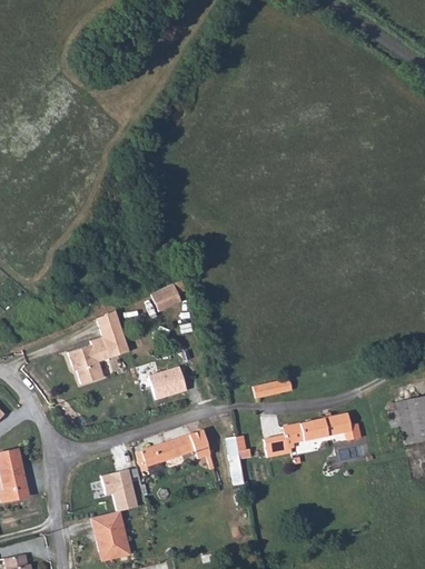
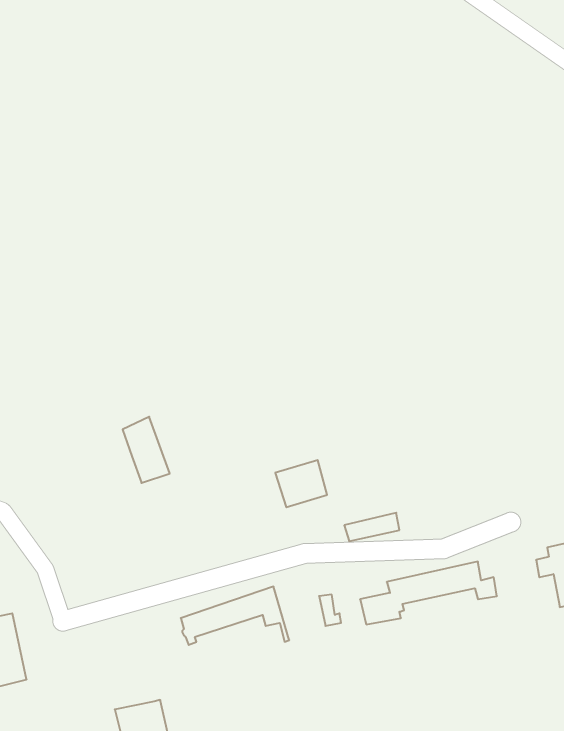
building: [151,283,181,311] -> none
building: [68,338,109,385] -> none
building: [149,366,186,399] -> [275,460,327,507]
building: [100,468,138,511] -> none

